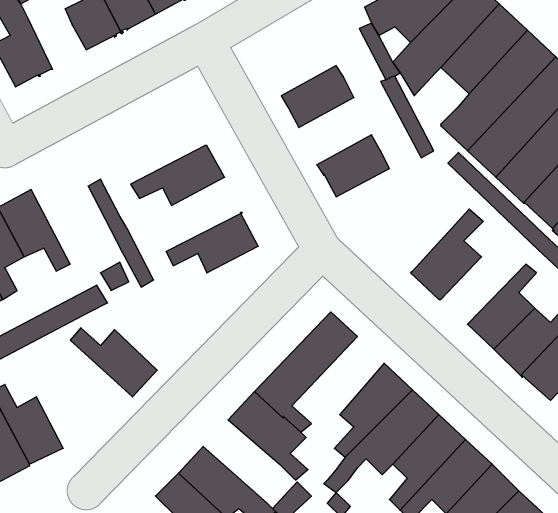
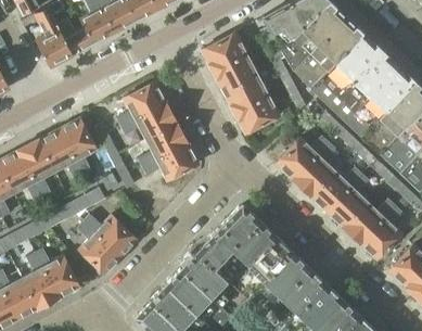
building: none -> [56,18,92,55]
building: none -> [201,33,245,72]
building: none -> [222,73,267,114]
building: none -> [115,81,165,126]
building: none -> [59,118,95,175]
building: none -> [137,122,188,167]
building: none -> [276,136,327,179]
building: none -> [309,167,361,212]
building: none -> [218,219,274,284]
building: none -> [76,221,120,273]
building: none -> [164,270,213,321]

